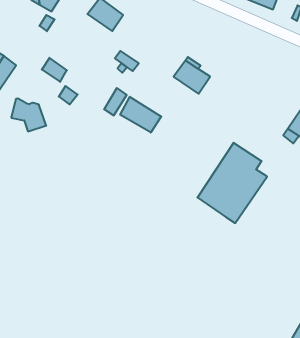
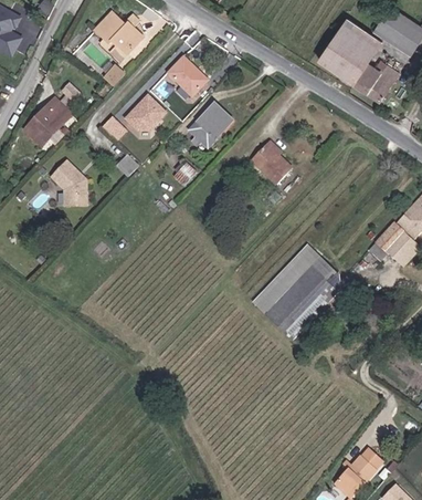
building: none -> [124,90,168,133]
building: none -> [197,102,233,138]
building: [120,97,161,133] -> none

